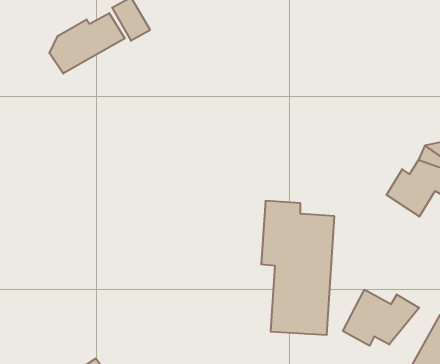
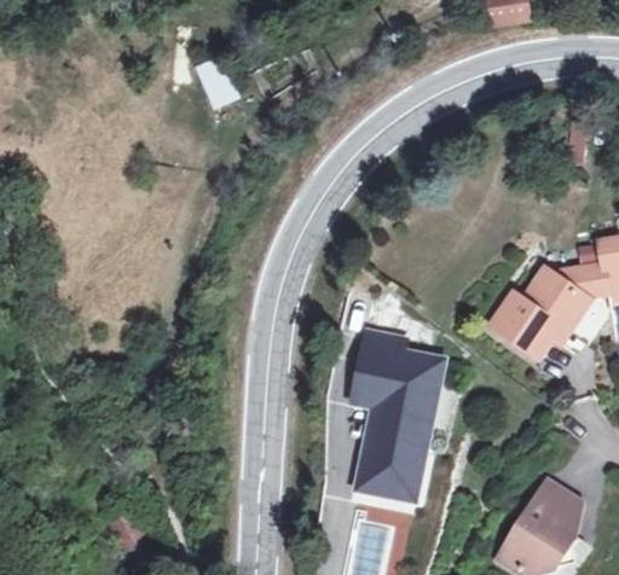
building: [49,13,125,74] -> none
building: [343,290,419,346] -> none

